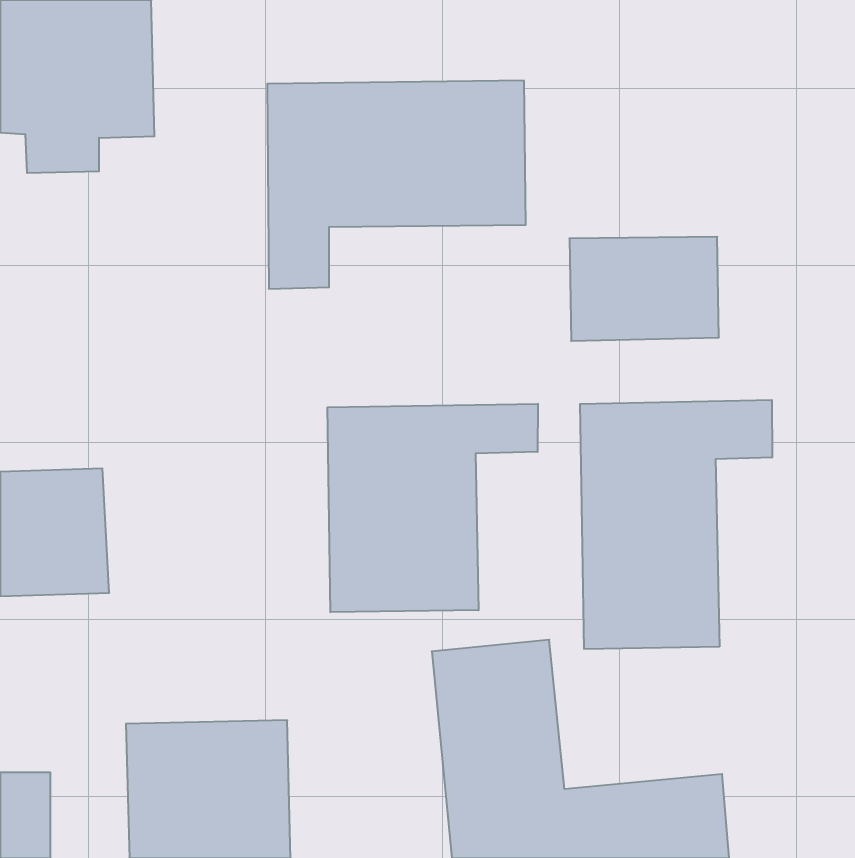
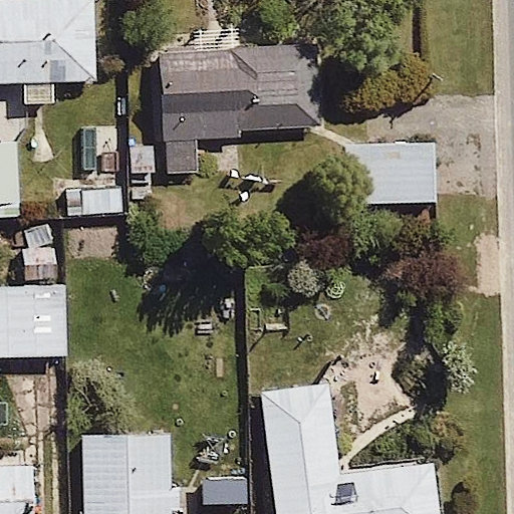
building: [580,400,772,649] -> none
building: [328,404,538,612] -> none

